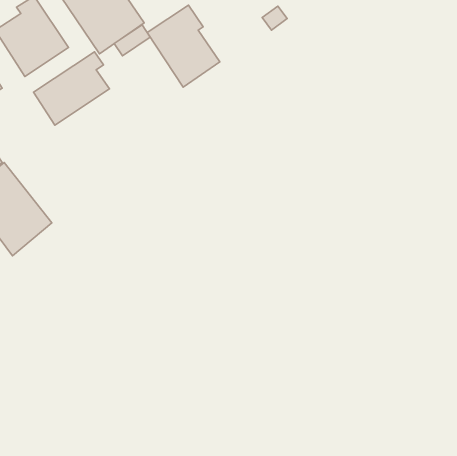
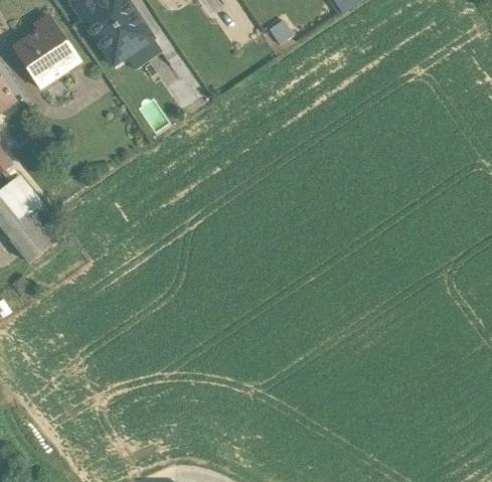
building: [147,5,220,87] -> none
building: [33,52,109,125] -> none

